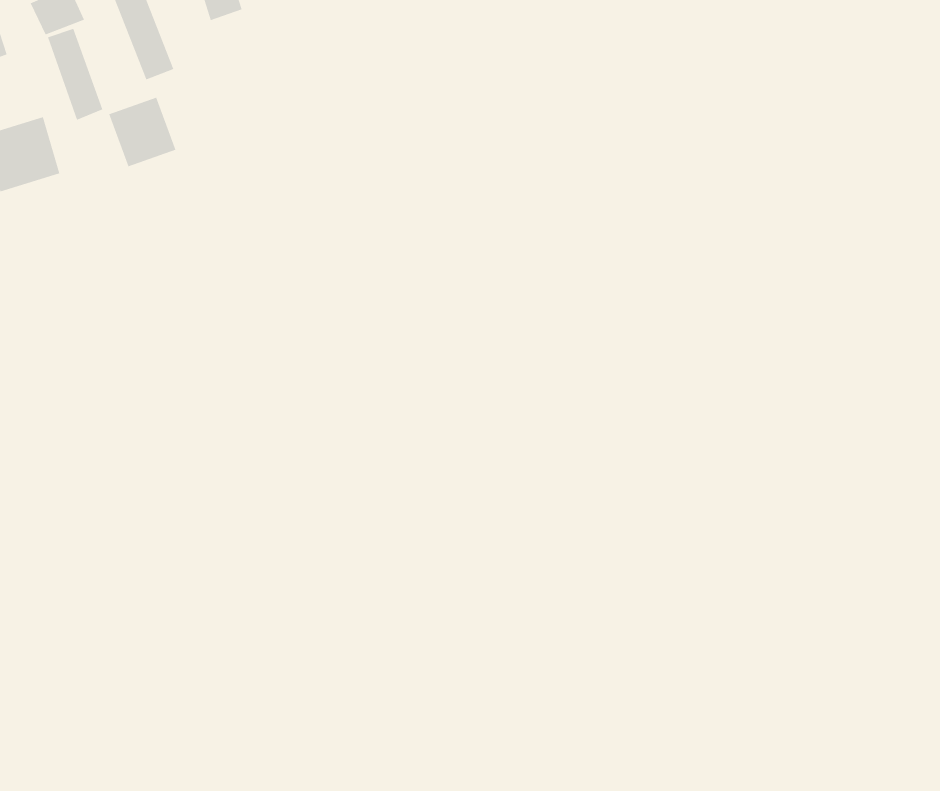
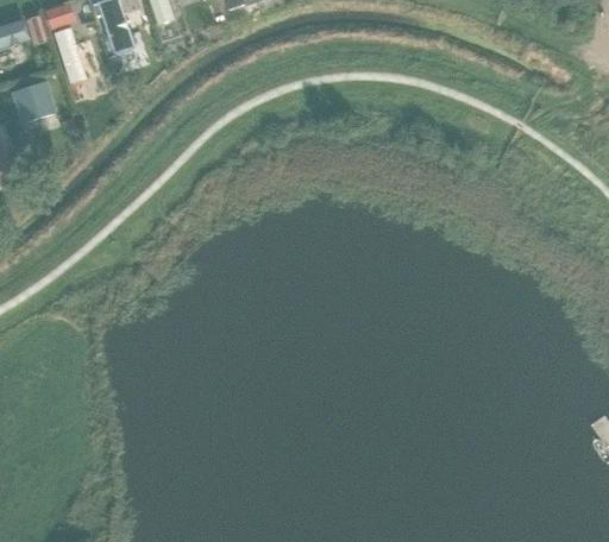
building: [109,97,176,167] -> none

